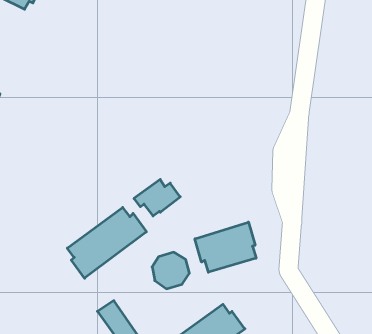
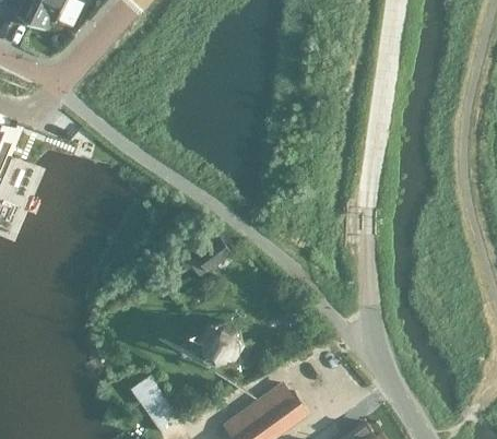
building: [67,207,146,278] -> none
building: [195,222,256,272] -> none

